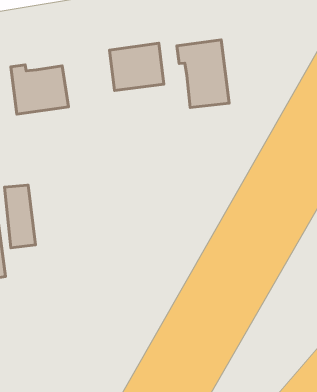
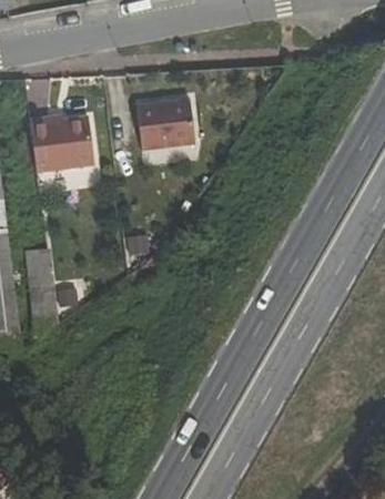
building: [177,40,229,107] -> none

